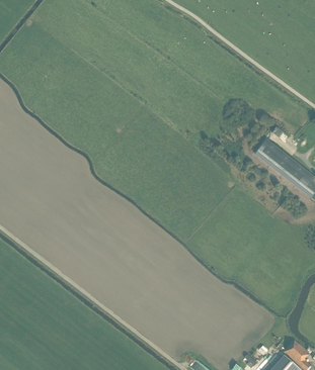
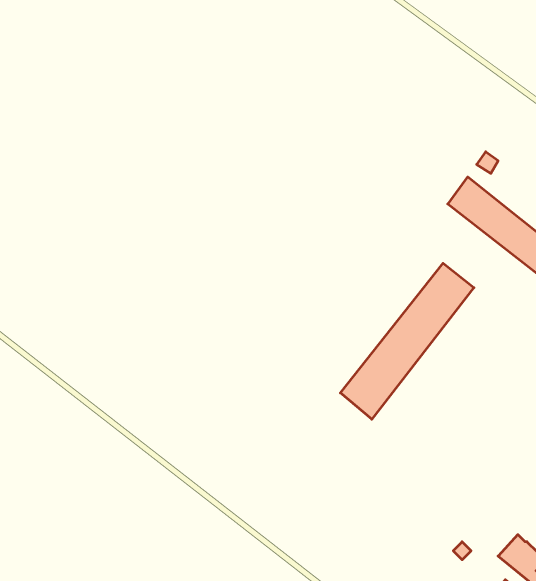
building: none -> [340,263,474,419]

